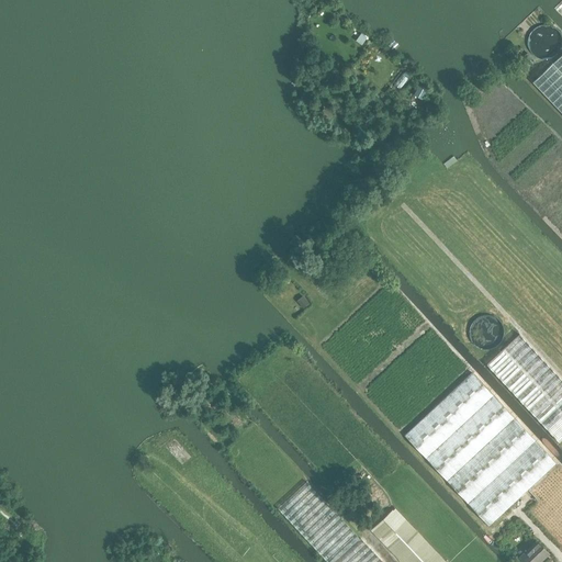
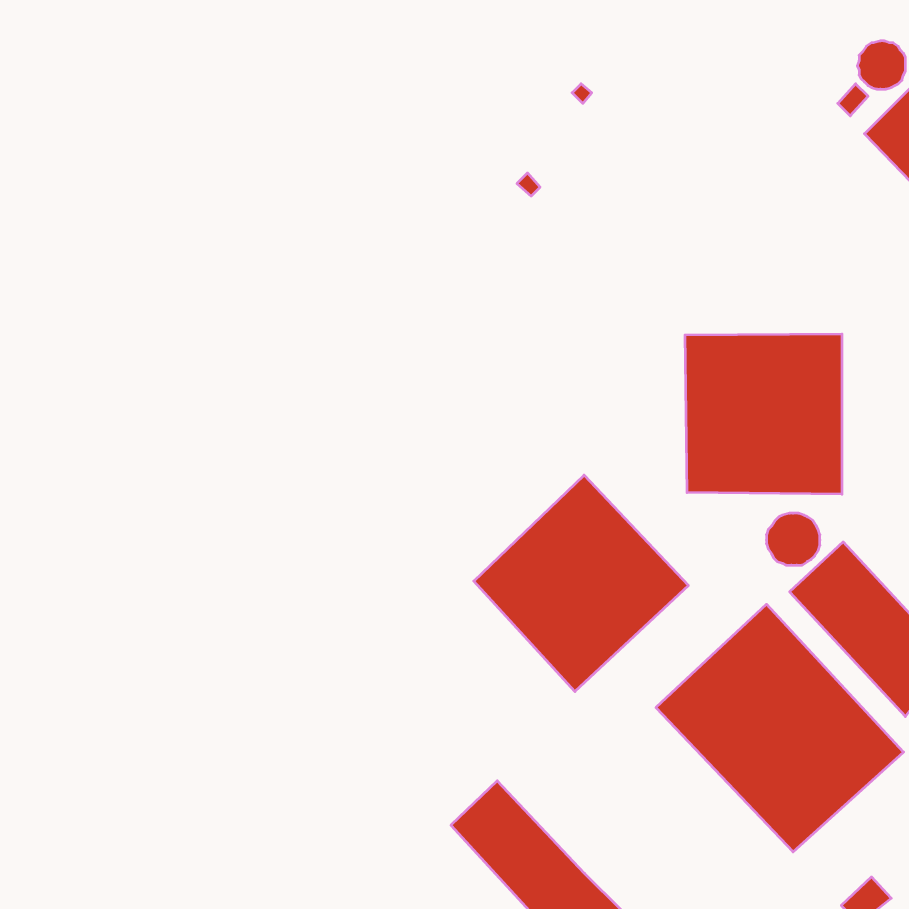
building: none -> [685,334,842,494]
building: none -> [474,475,688,692]

